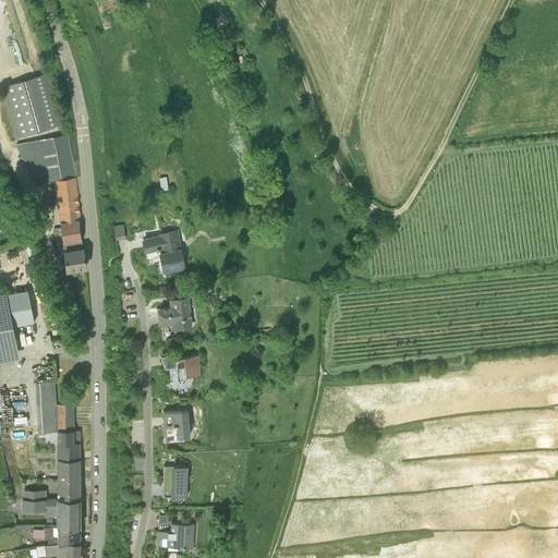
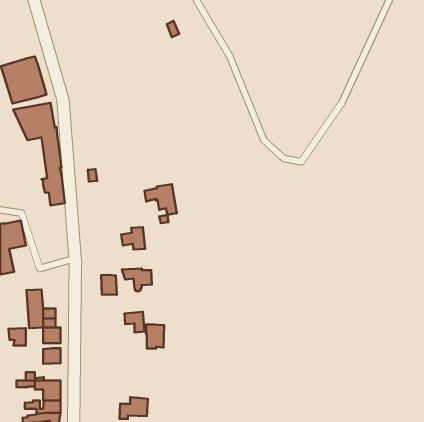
building: [142,231,184,271] -> [144,184,177,215]
building: none -> [101,275,117,295]
building: [163,468,187,499] -> [146,324,164,348]
building: [57,480,80,502] -> [9,328,26,346]

